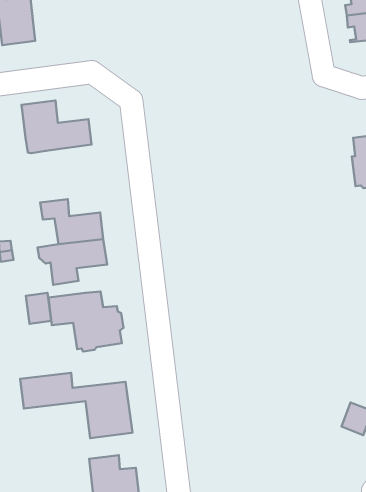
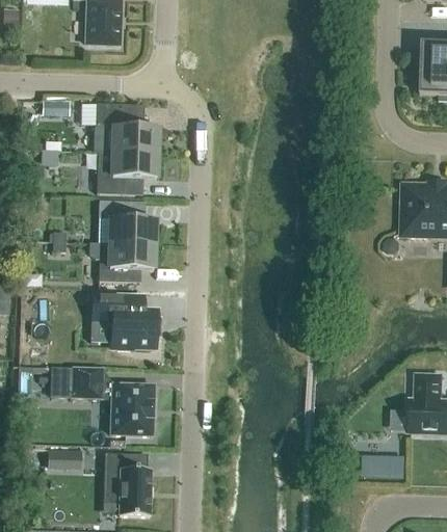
building: none -> [97,152,157,194]
building: [26,293,51,324] -> none
building: none -> [48,445,82,470]

